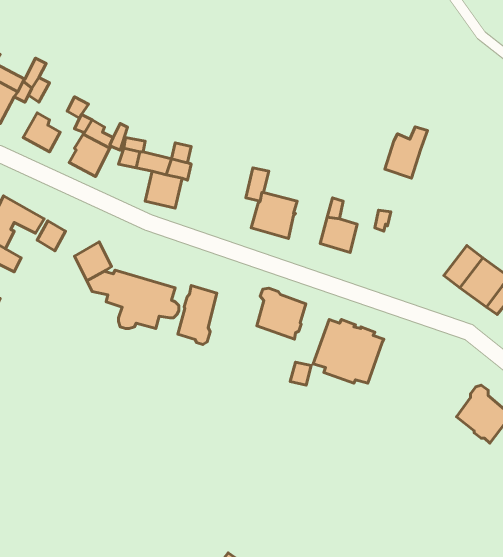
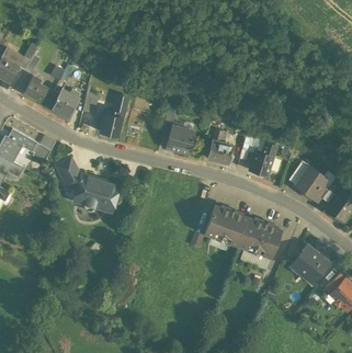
building: [385,127,427,178] -> [250,144,276,175]
building: [178,286,217,344] -> none
building: [257,288,306,339] -> none
building: none -> [238,217,281,257]

